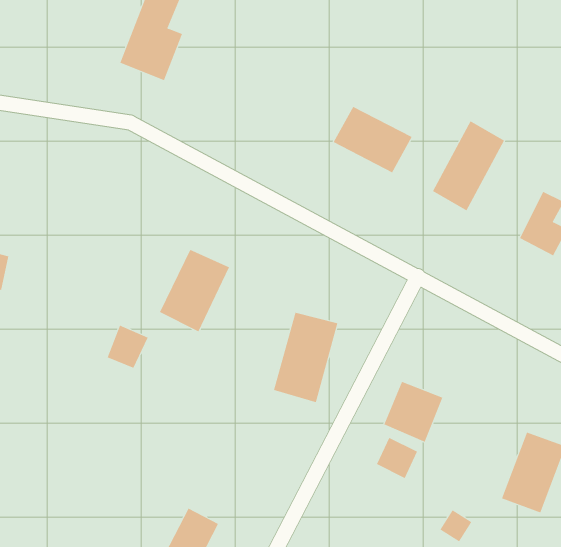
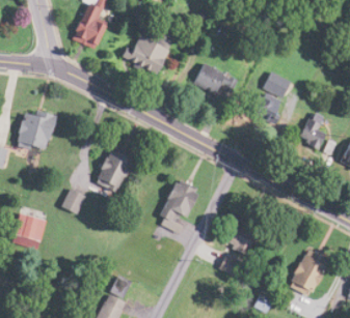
building: none -> [129,20,177,74]
building: none -> [17,110,52,149]
building: none -> [12,211,48,251]

